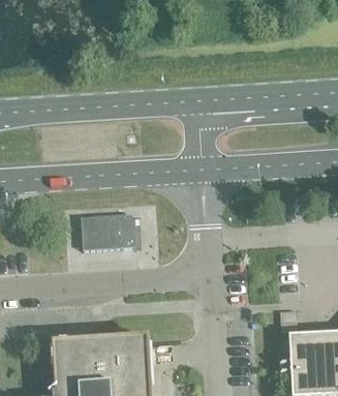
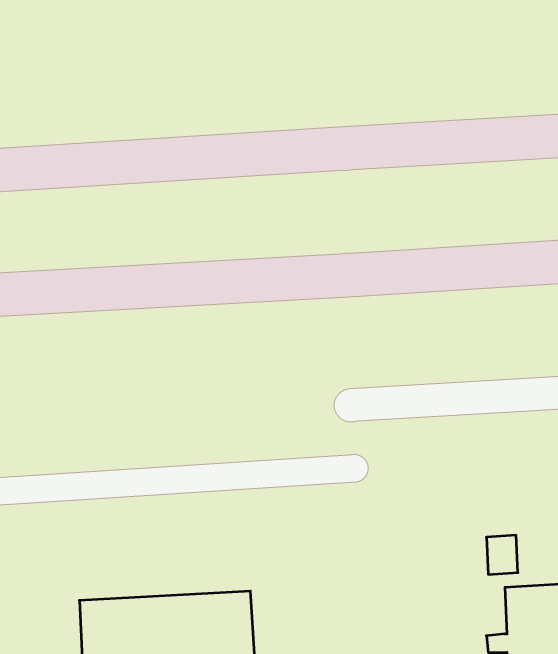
building: [81,215,133,250] -> none

